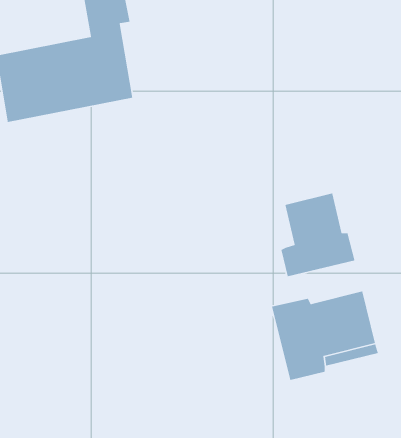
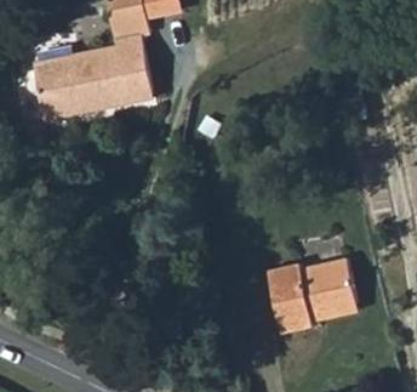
building: [280,193,355,277] -> none

